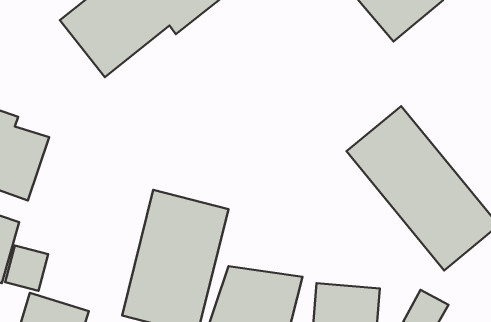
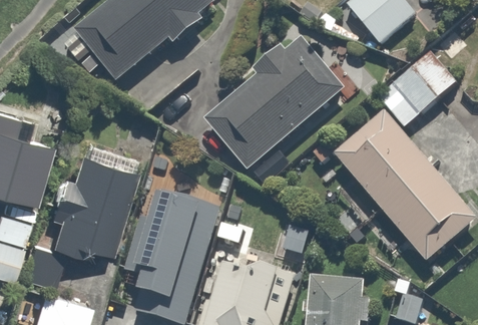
building: none -> [199,33,344,169]
building: none -> [378,47,455,123]
building: none -> [48,137,147,262]

